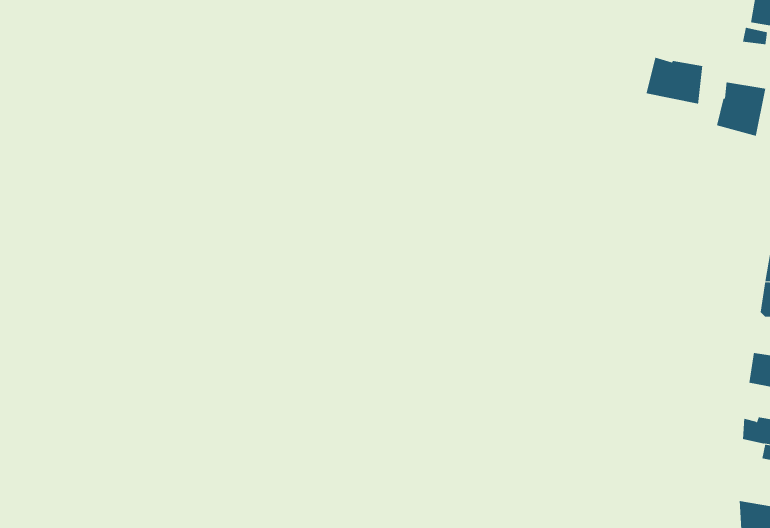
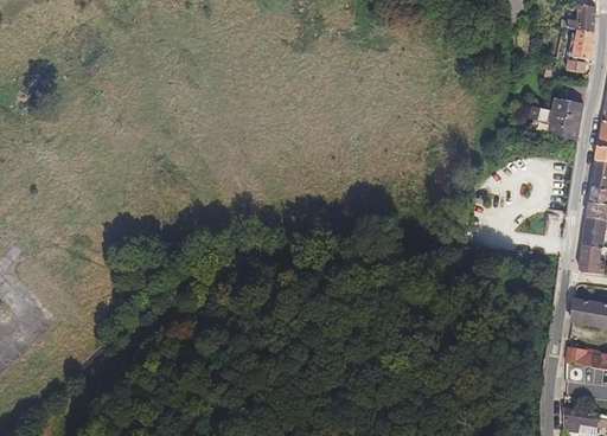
building: [646,57,703,105] -> none

